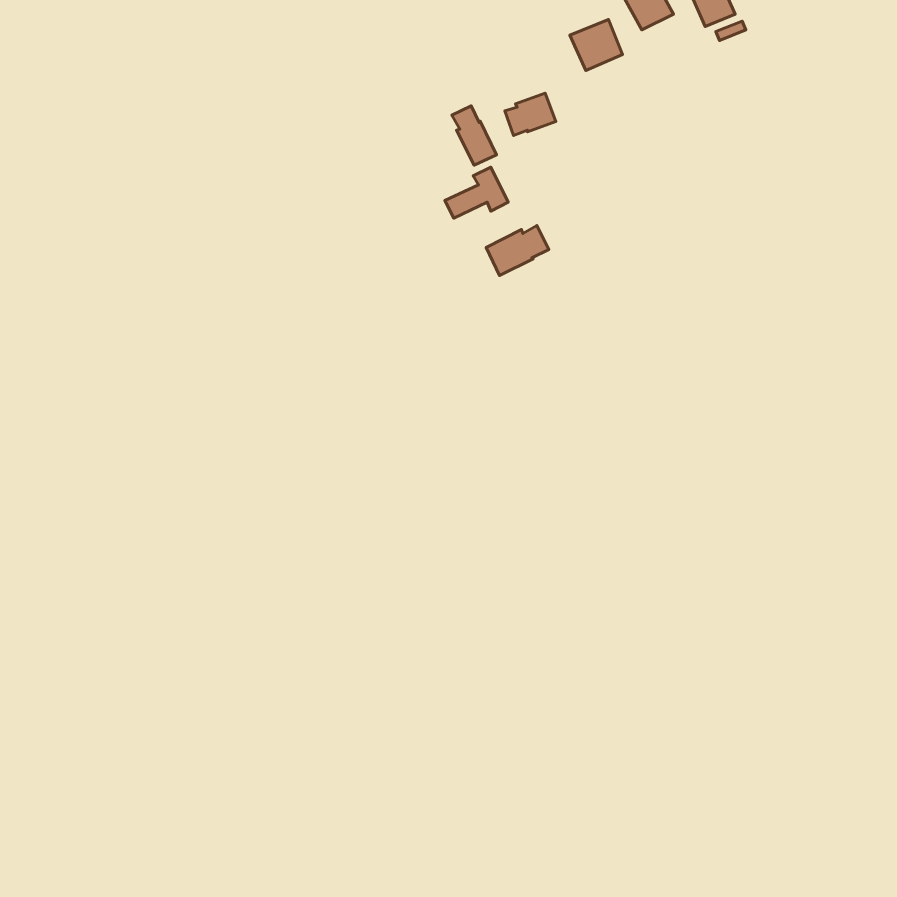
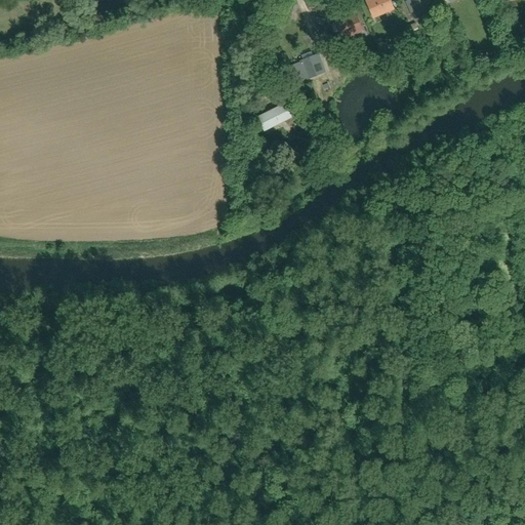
building: [452,106,497,165] -> none
building: [486,226,549,275] -> none

